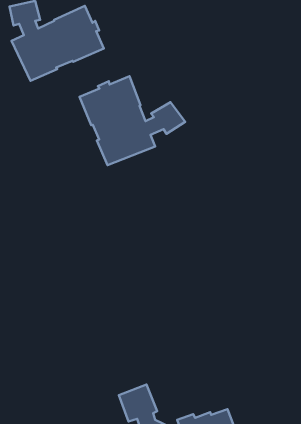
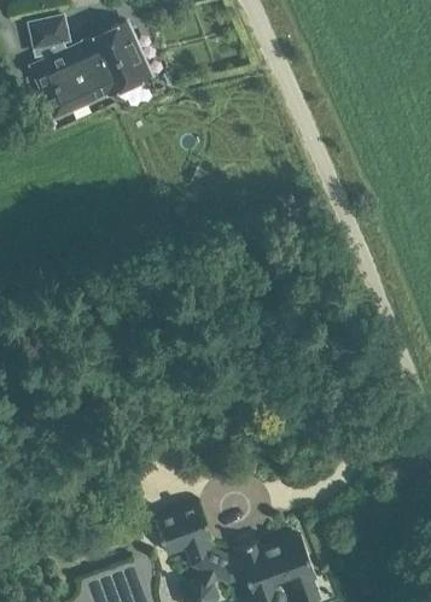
building: [79,76,185,165] -> none

